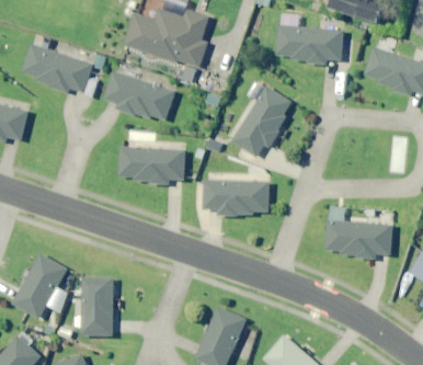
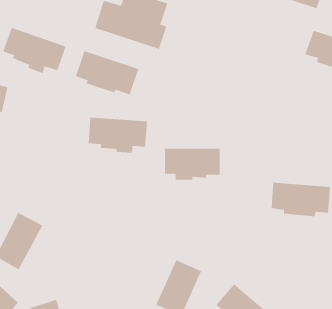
building: [275,25,343,64] -> none
building: [230,87,290,159] -> none
building: [80,277,114,335] -> none

